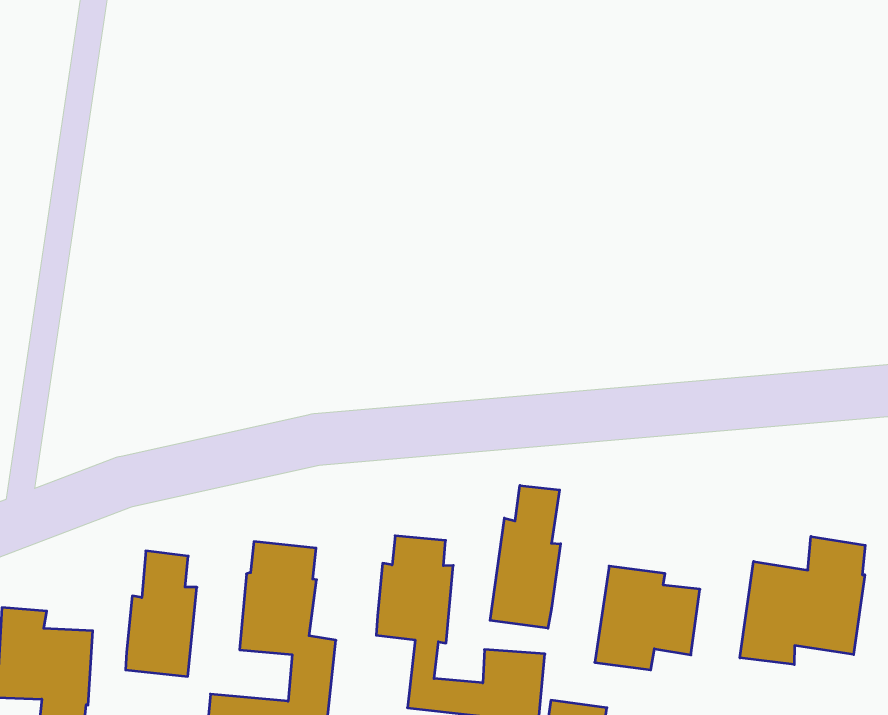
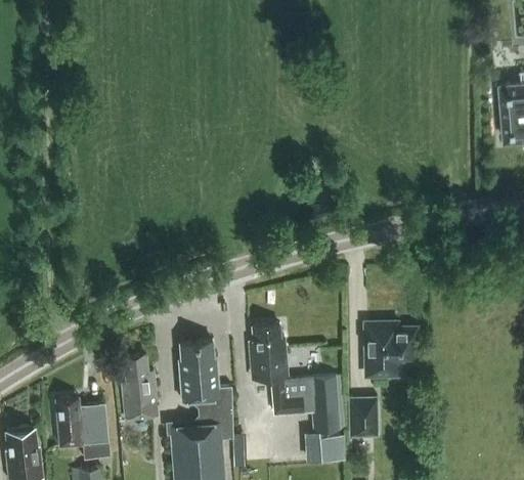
building: [490,485,561,628] -> none
building: [740,536,865,665] -> none

